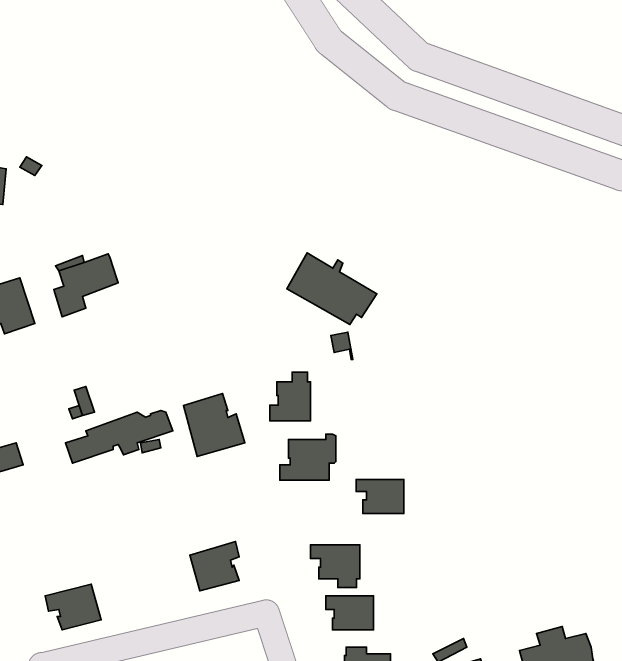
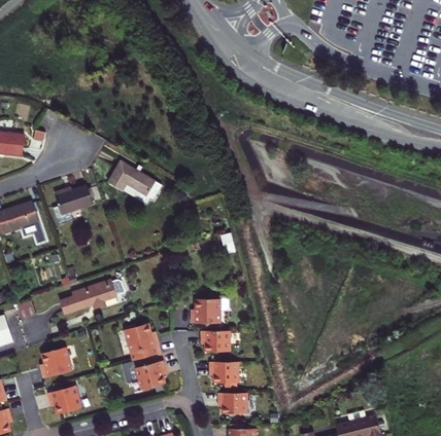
building: [287,253,377,324] -> [107,160,162,204]
building: [270,372,310,421] -> none
building: [184,394,245,457] -> [124,323,161,361]
building: [356,480,404,514] -> [200,331,229,352]
building: none -> [40,348,71,378]

